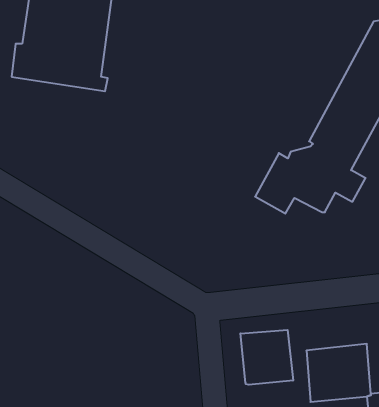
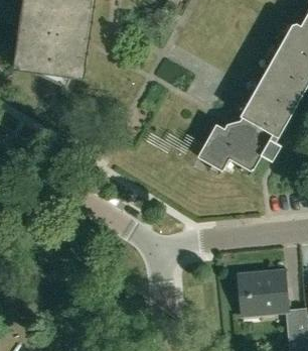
building: [240,330,293,385] -> none

